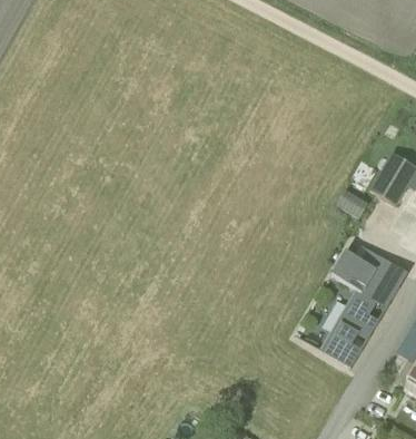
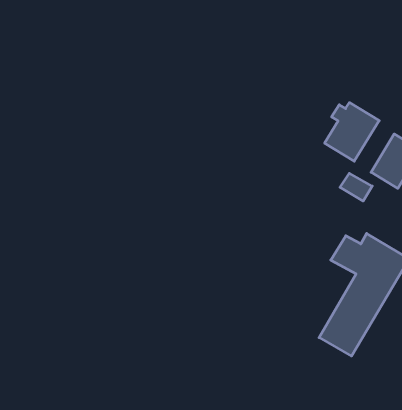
building: none -> [325,103,379,161]

